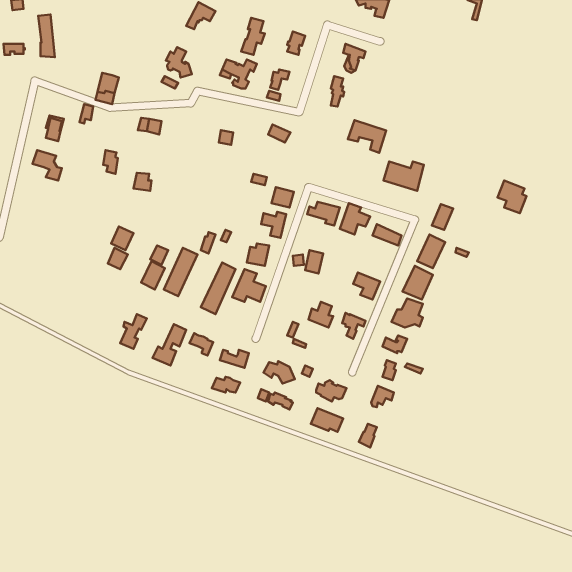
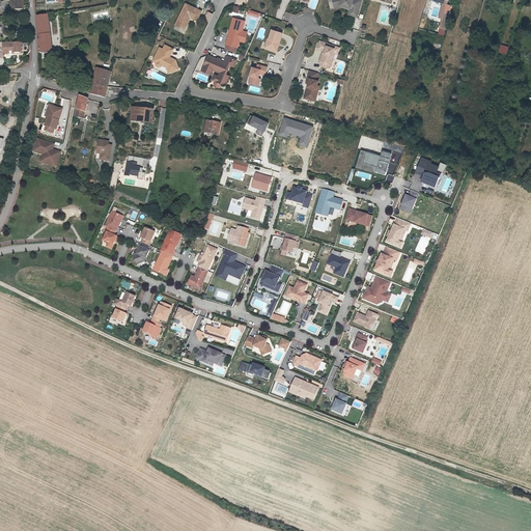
building: [348,120,386,153] -> [278,116,313,146]
building: [497,181,527,213] -> [415,157,442,187]
building: none -> [259,264,284,292]

